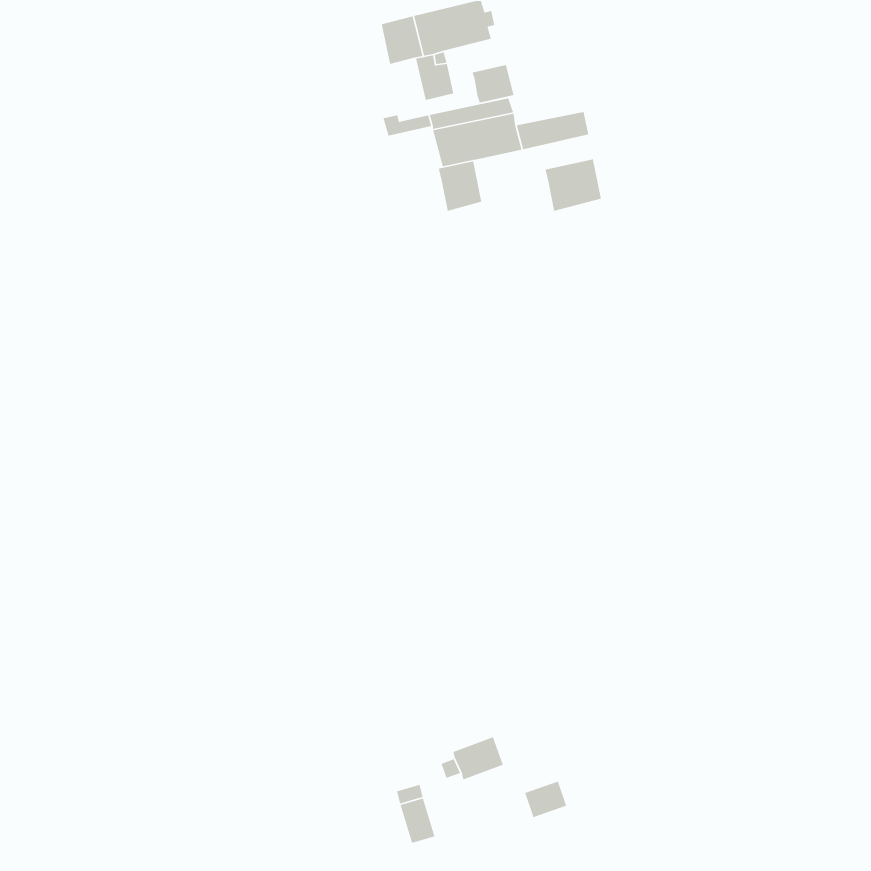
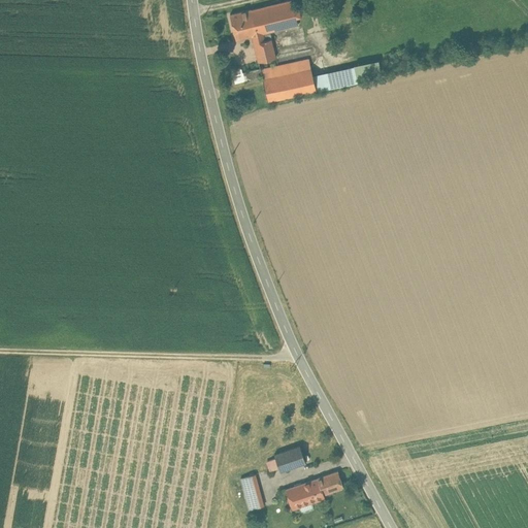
building: [471,64,514,104] -> none
building: [545,159,602,212] -> none
building: [438,161,482,212] -> none
building: none -> [286,480,323,509]

